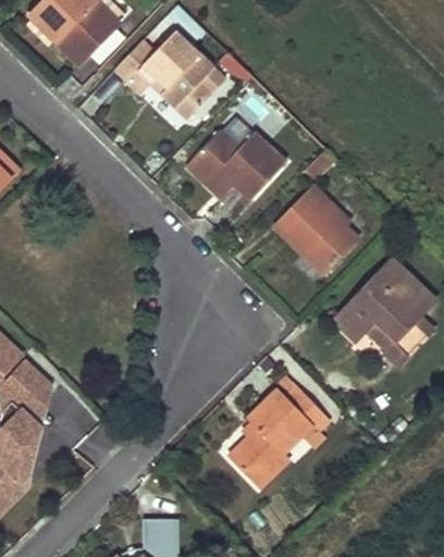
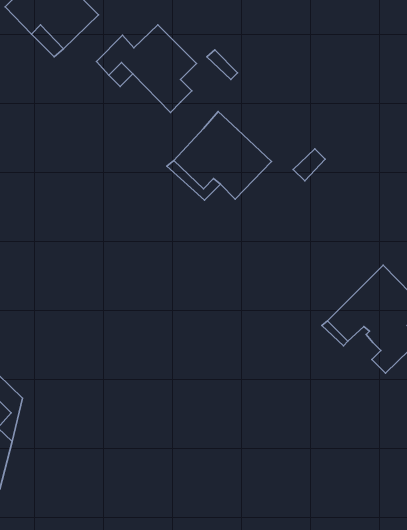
building: [275,185,358,272] -> none
building: [229,385,329,485] -> none

